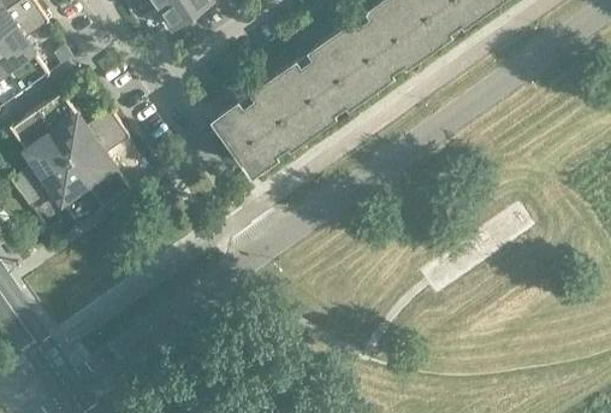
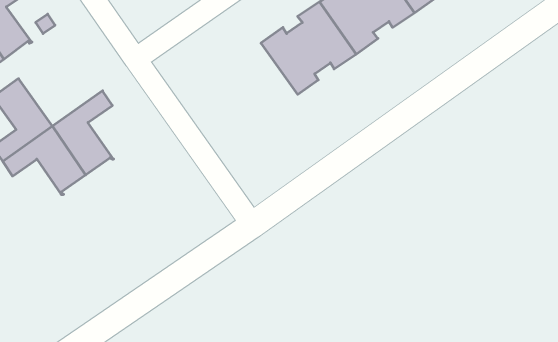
building: [212,77,313,176] -> none
building: [37,92,120,159] -> none

